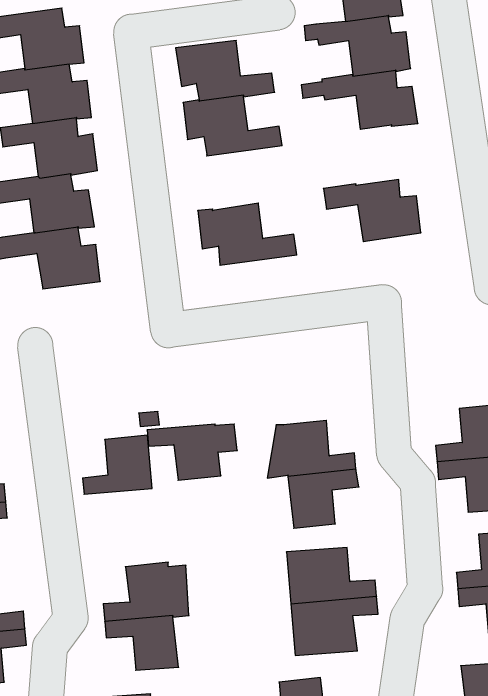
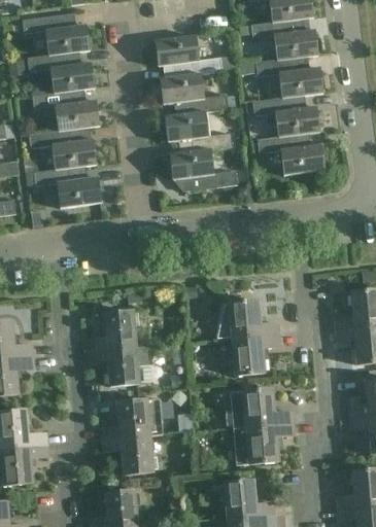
building: none -> [251,94,318,136]
building: none -> [163,111,231,153]
building: [147,424,237,480] -> [89,347,151,386]

